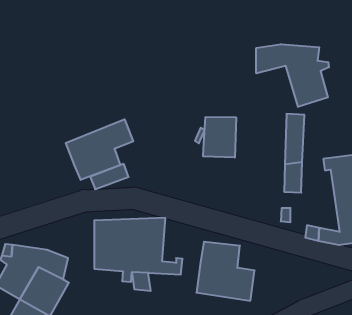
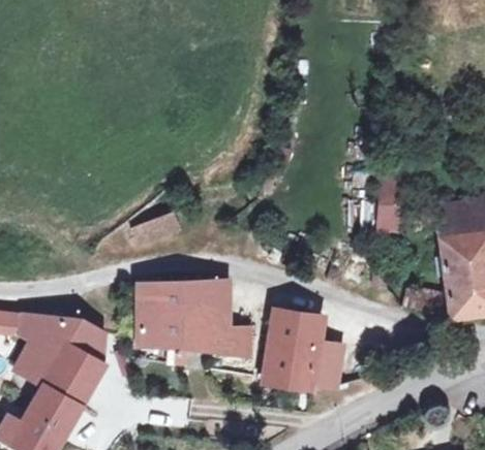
building: [256,44,329,107] -> none
building: [203,117,236,158] -> none
building: [66,119,133,180] -> none

